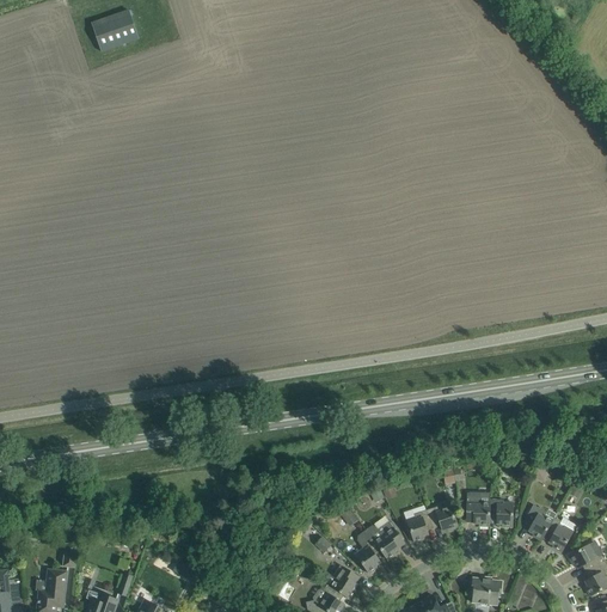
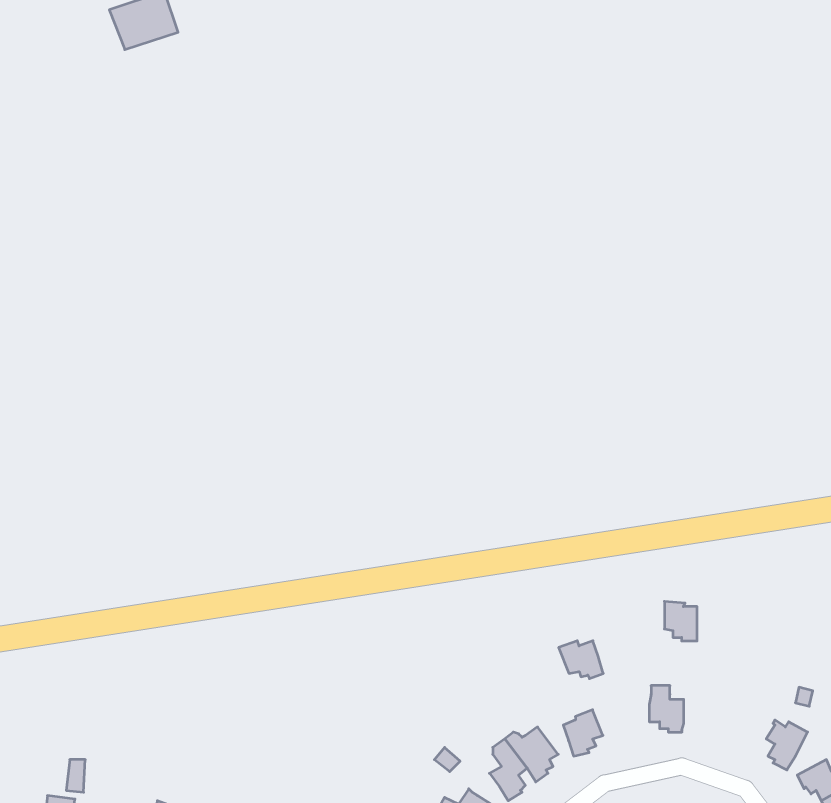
building: [490,498,513,526] -> [664,601,697,641]
building: [427,504,458,531] -> [559,641,603,679]
building: [523,504,553,540] -> none

